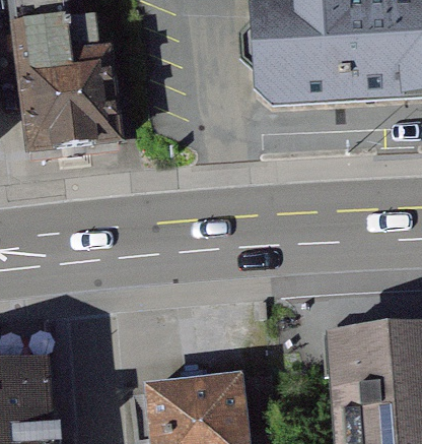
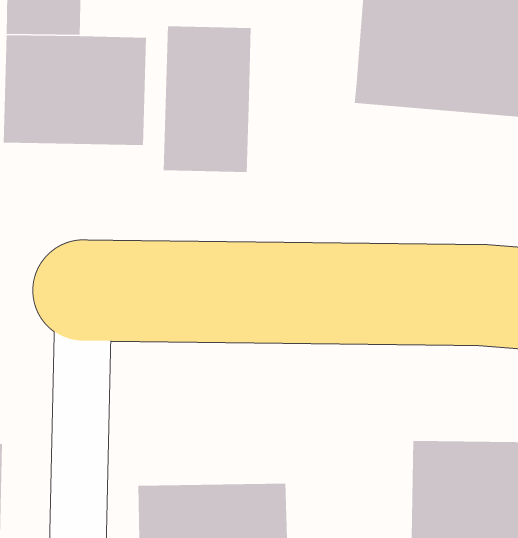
building: none -> [163,25,252,173]

